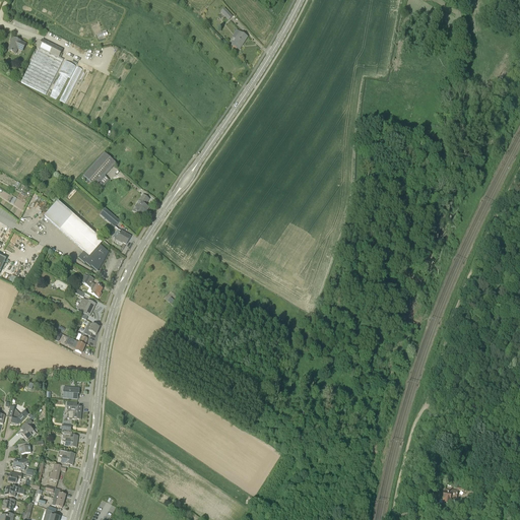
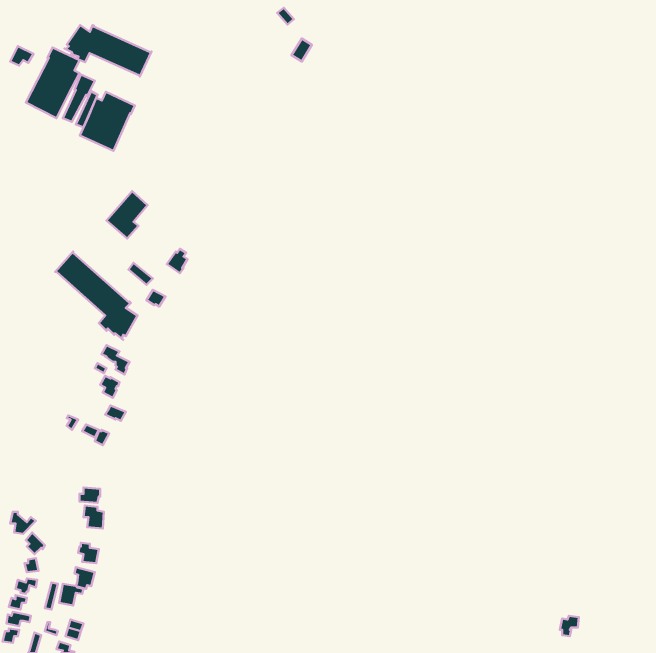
building: none -> [64,25,151,76]
building: none -> [80,92,135,151]

